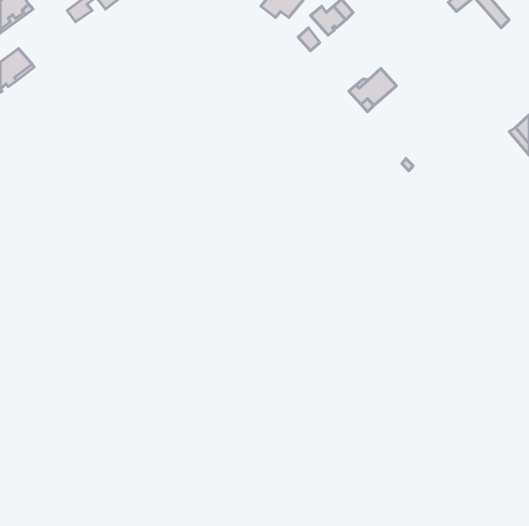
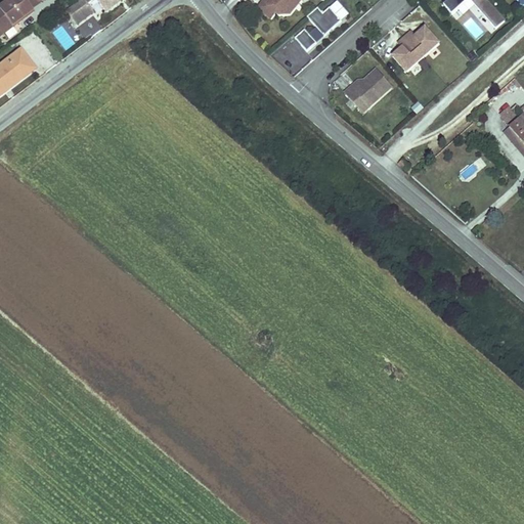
building: none -> [393,26,440,71]

